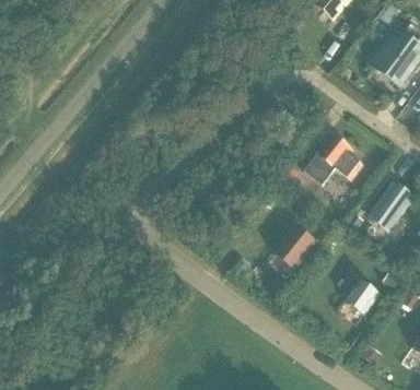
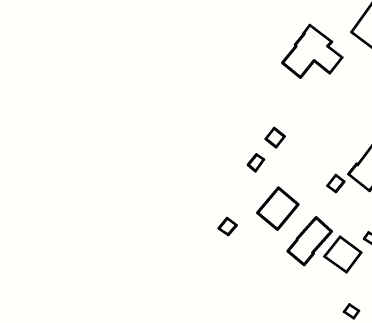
building: [304,131,366,186] -> [283,25,342,77]
building: none -> [288,217,331,265]

